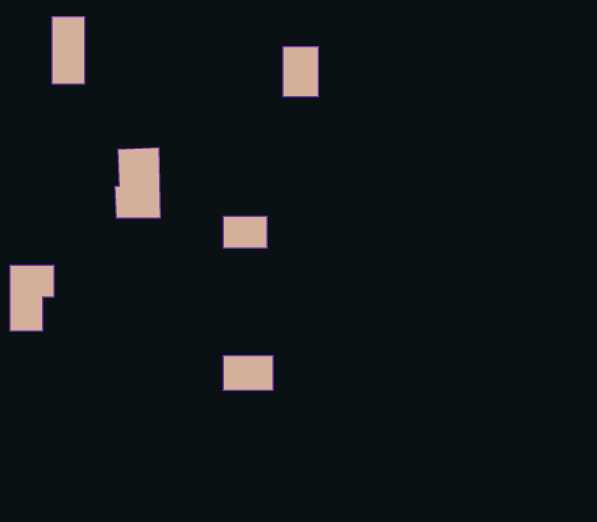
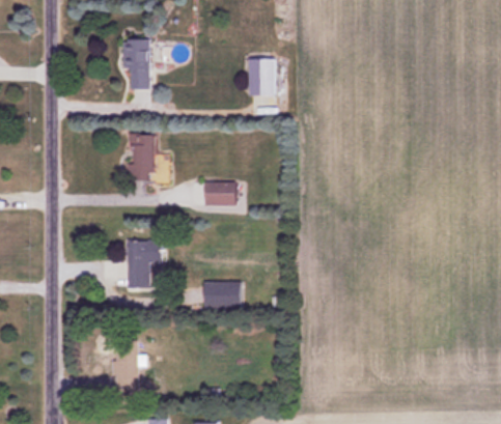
building: [52,17,85,84] -> [123,39,147,88]
building: [10,265,54,331] -> [127,241,159,288]

